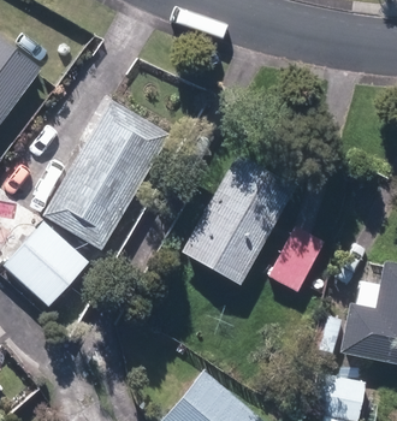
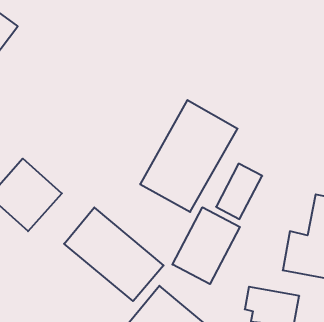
building: [41,100,167,249] -> none
building: none -> [172,207,240,284]
building: none -> [64,207,164,301]

